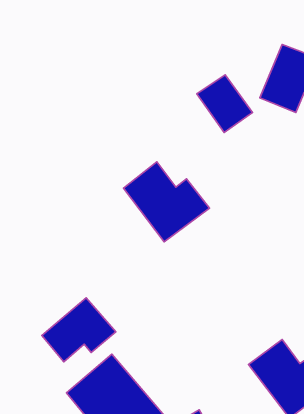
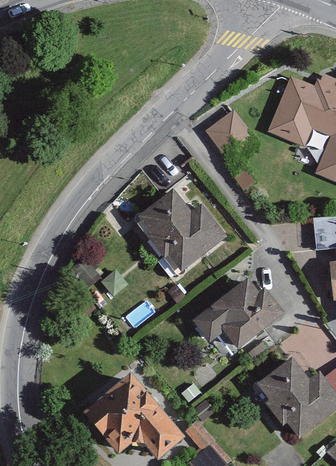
building: none -> [193,280,279,346]
building: [42,298,116,362] -> none

